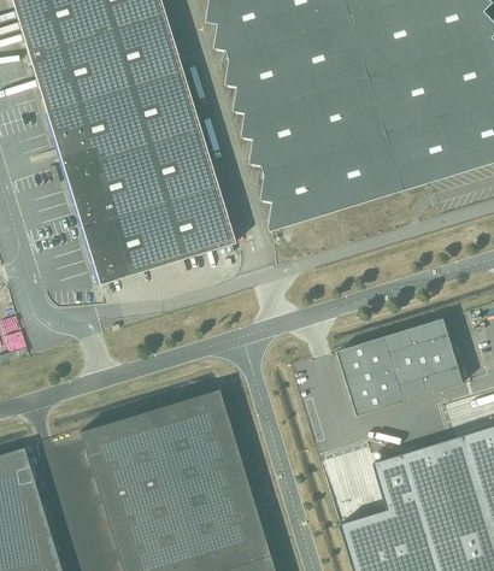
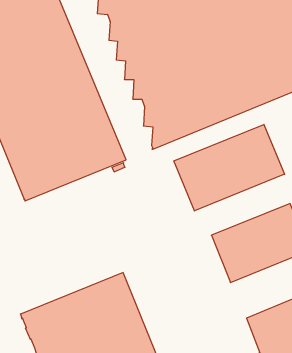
building: none -> [174,124,285,211]

